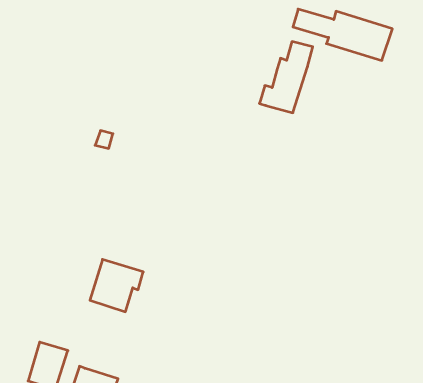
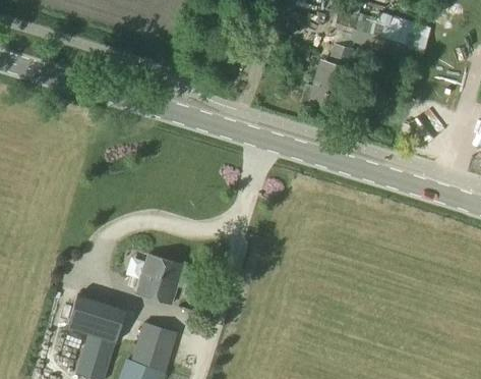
building: none -> [67,293,125,343]
building: none -> [131,321,178,370]

